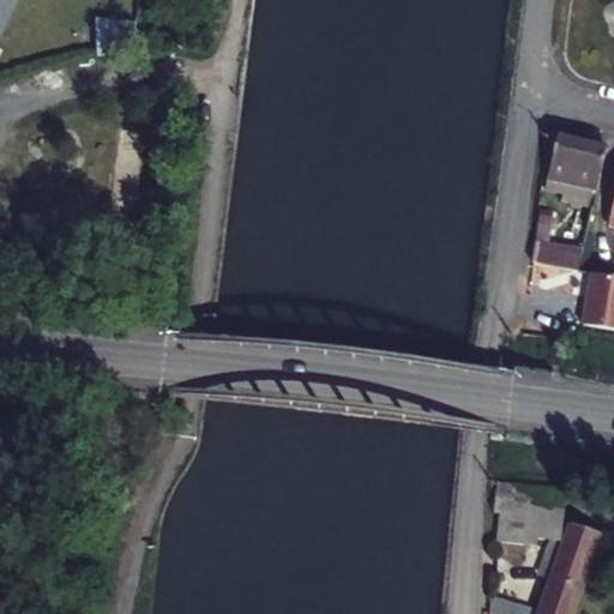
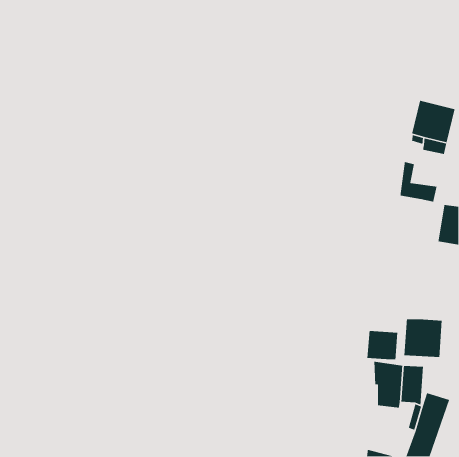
building: none -> [403,318,443,358]
building: none -> [367,330,398,360]

